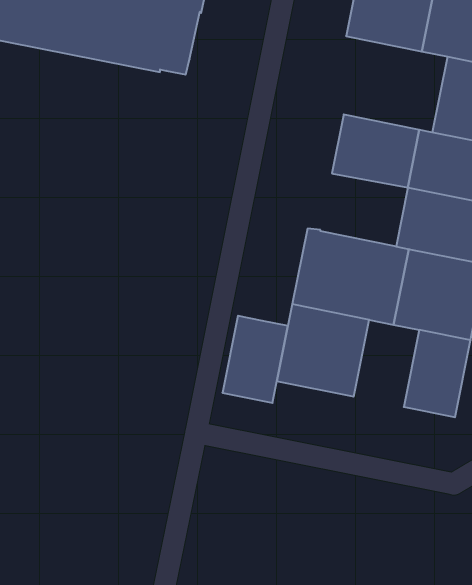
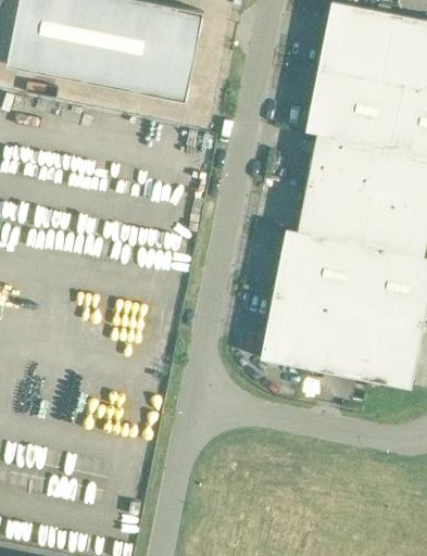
building: none -> [305,66,404,148]
building: none -> [297,182,371,244]
building: [222,316,288,403] -> [325,306,380,380]

